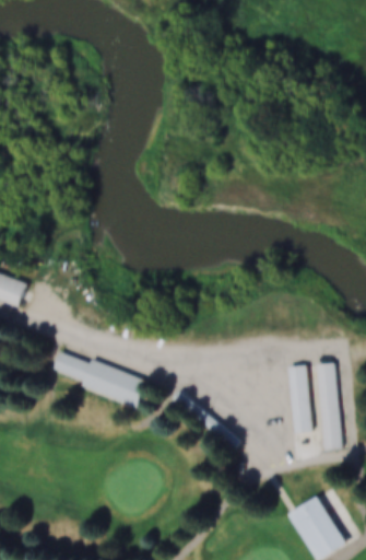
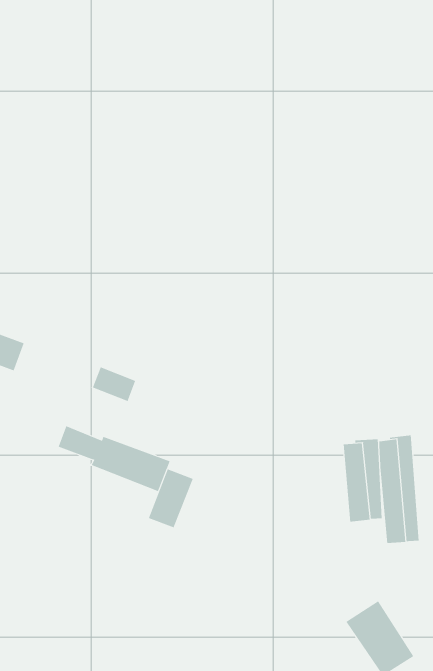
building: none -> [92,367,136,402]
building: none -> [148,469,193,528]

